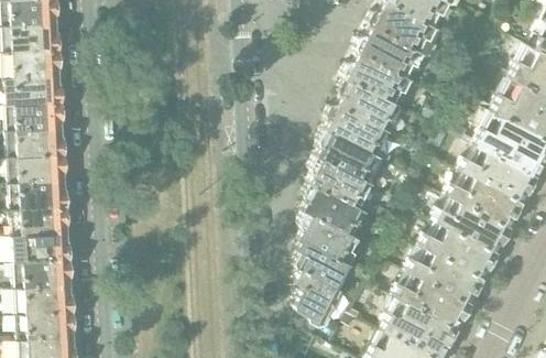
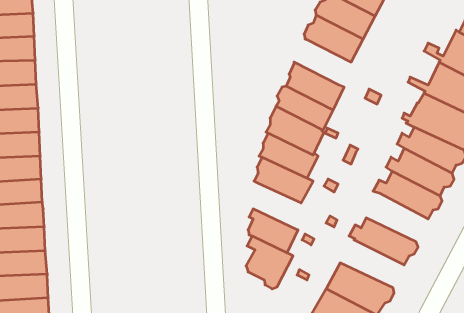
building: [343,54,407,105] -> none
building: [296,213,357,264] -> none
building: [418,224,494,278] -> none
building: [392,275,468,328] -> none

